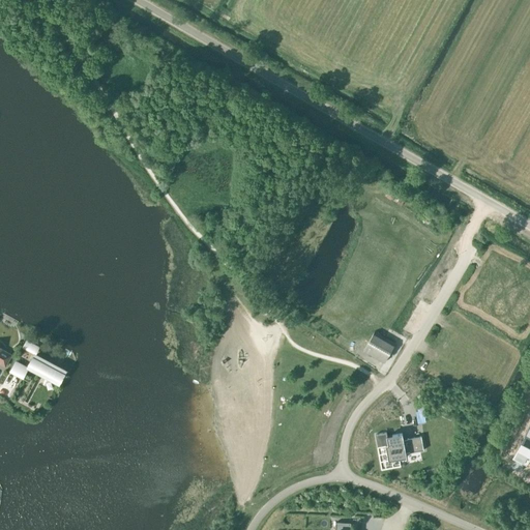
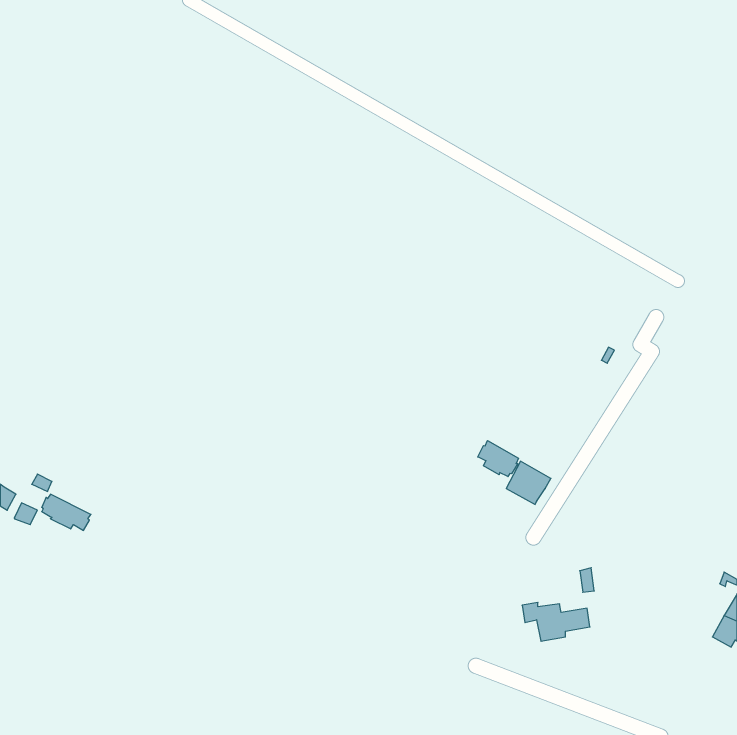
building: none -> [478,441,518,477]

